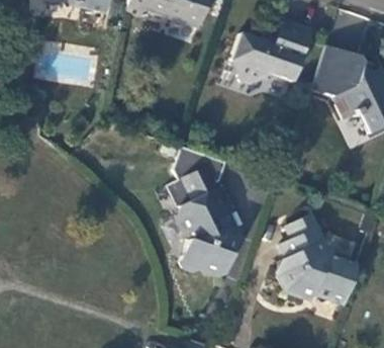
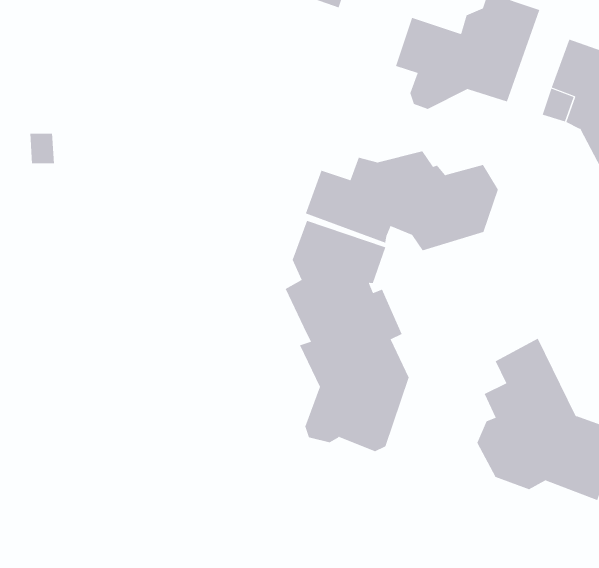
building: none -> [305,150,499,251]

